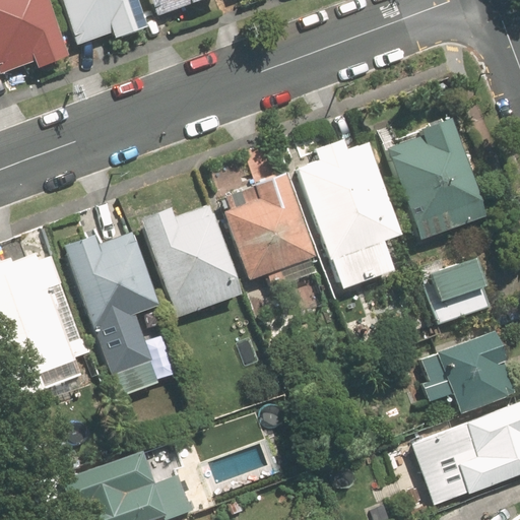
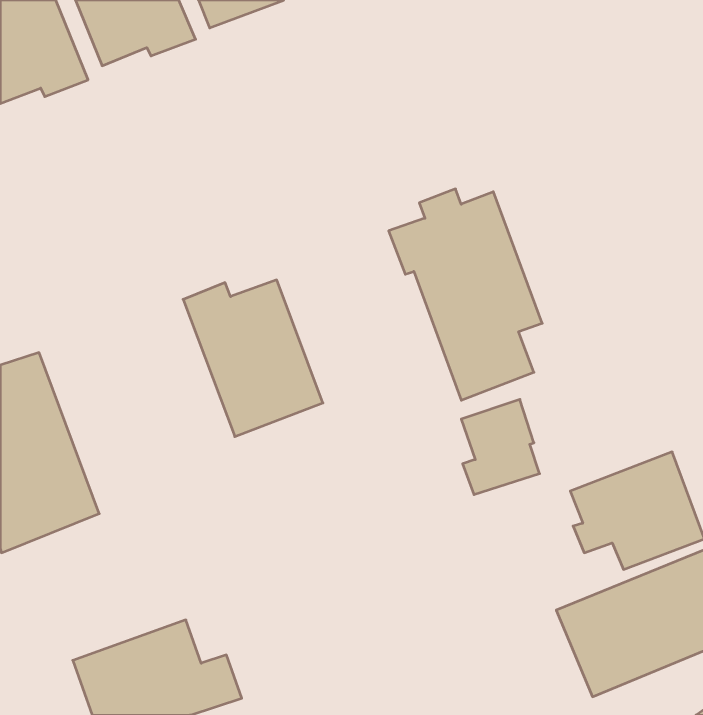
building: [388,115,486,240] -> none
building: [226,173,321,288] -> none
building: [64,231,158,376] -> none
building: [433,255,490,324] -> [461,399,540,495]

